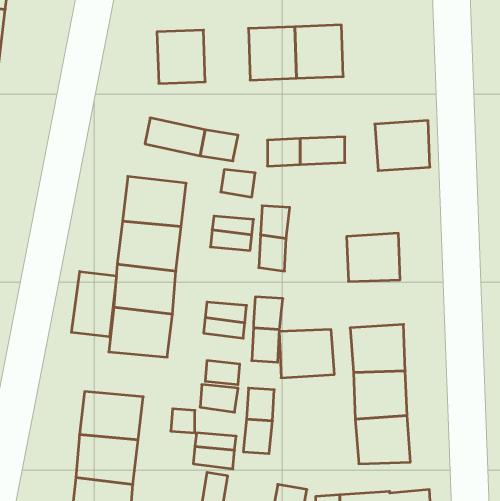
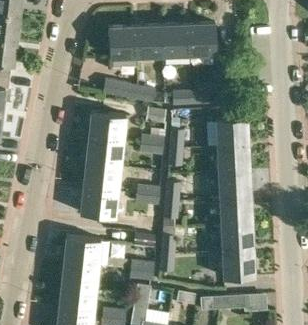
building: none -> [135,26,162,57]
building: [375,121,430,171] -> [216,118,248,147]
building: [71,271,116,337] -> none
building: [279,330,334,378] -> [219,172,251,200]

